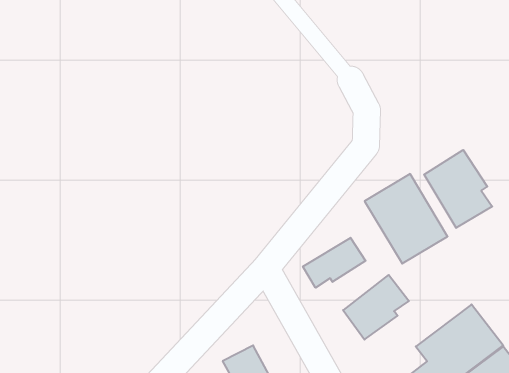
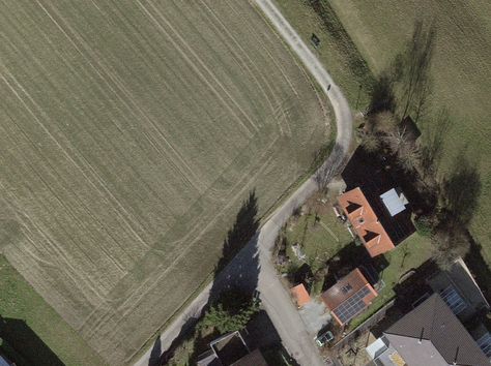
building: [424,150,492,228] -> none
building: [303,238,366,288] -> none

